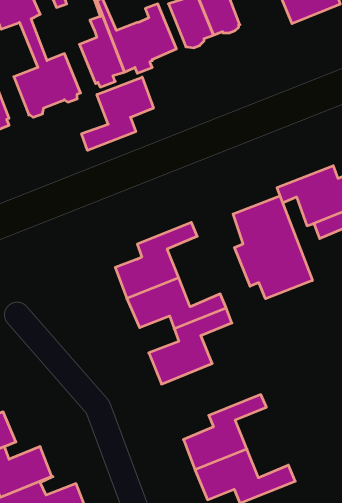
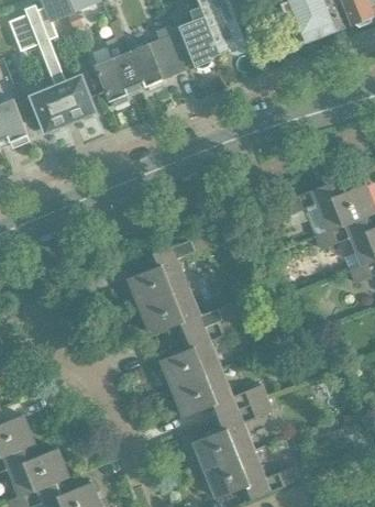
building: [82,77,153,150] -> none
building: [233,196,312,299] -> none
building: none -> [172,368,266,418]

